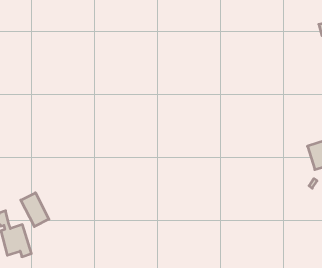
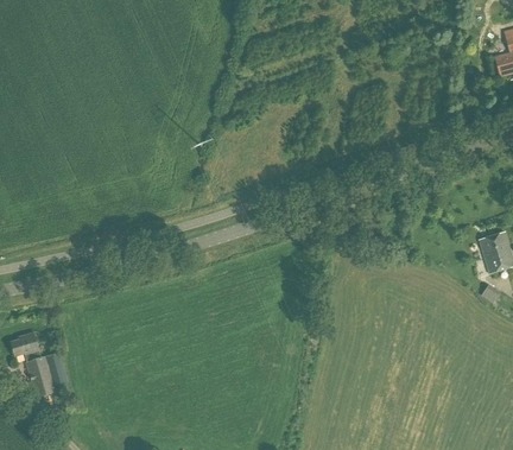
building: [21,193,49,227] -> none

